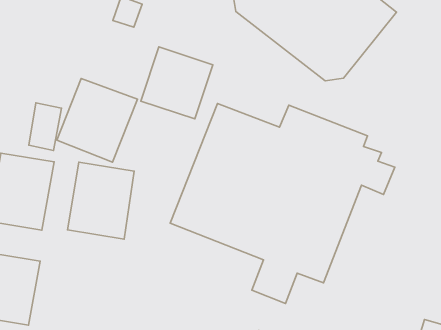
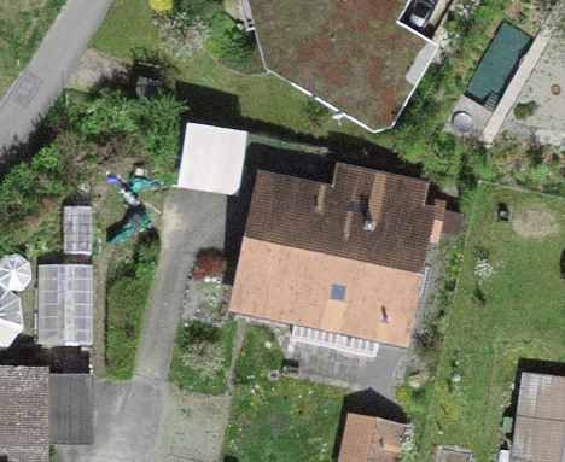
building: [57,78,137,162] -> none
building: [68,162,134,239] -> none

